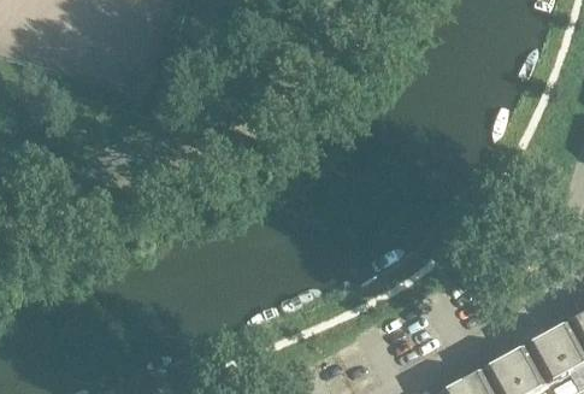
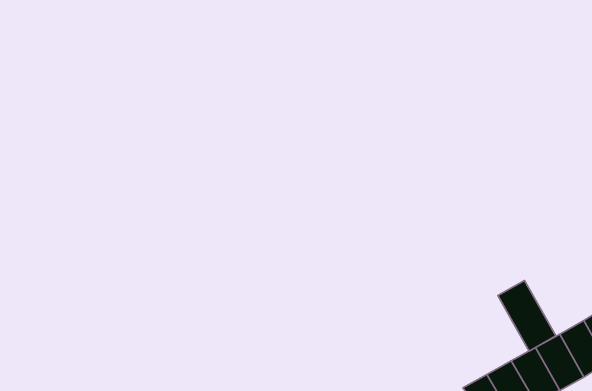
building: none -> [498,280,556,351]

